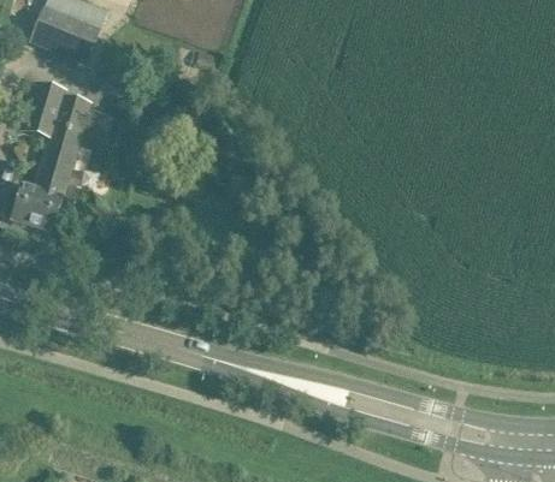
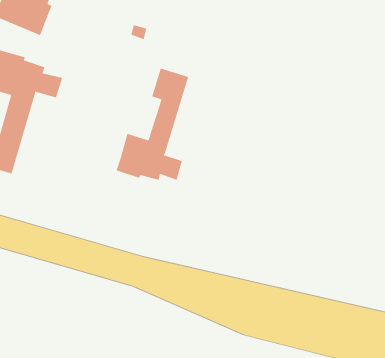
building: none -> [115,67,189,181]

